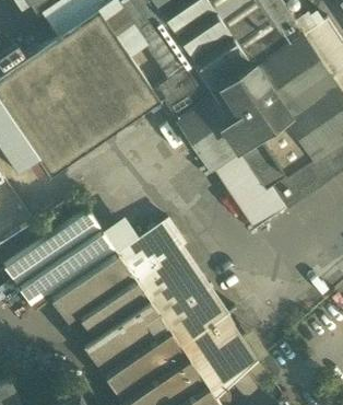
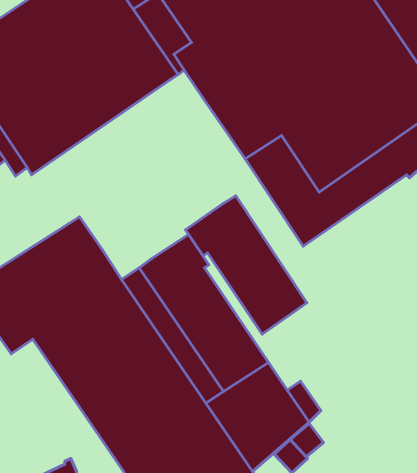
building: none -> [185,196,307,334]
building: [103,217,139,253] -> none

